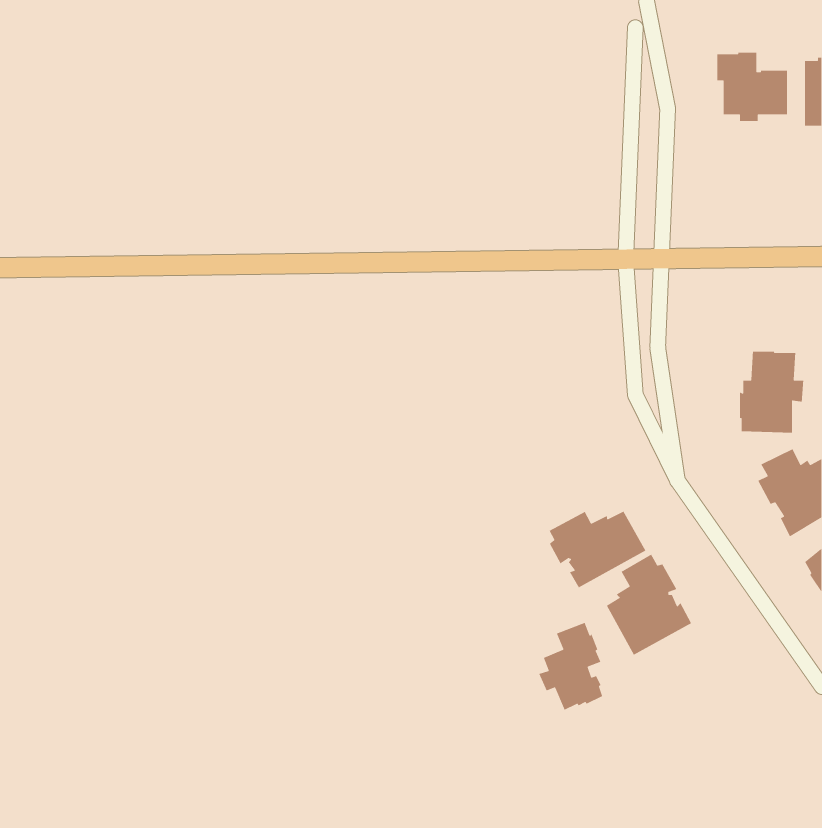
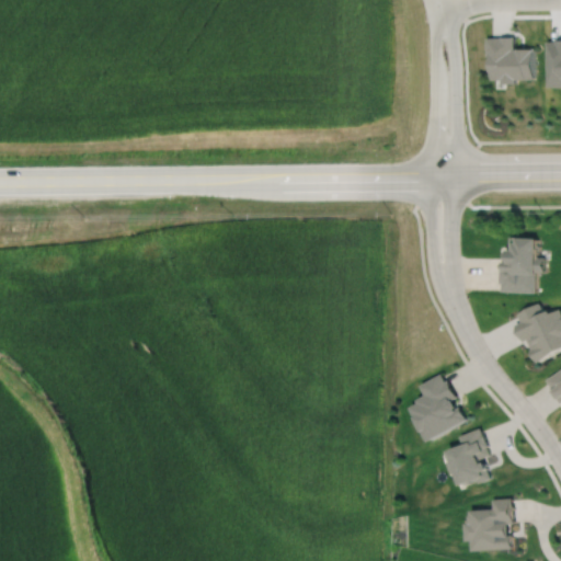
building: [549,510,647,588] -> none
building: [538,622,603,711] -> [447,430,491,490]
building: none -> [466,500,514,554]

